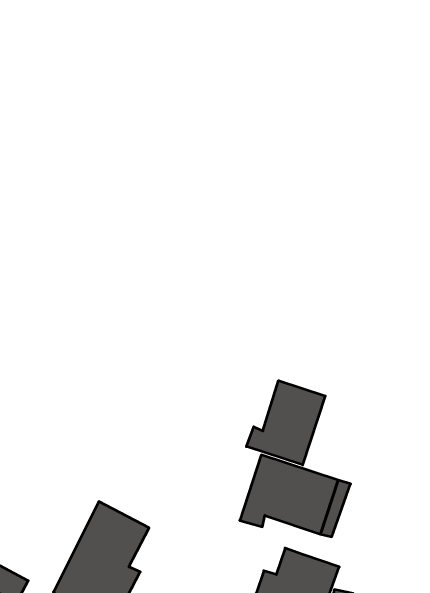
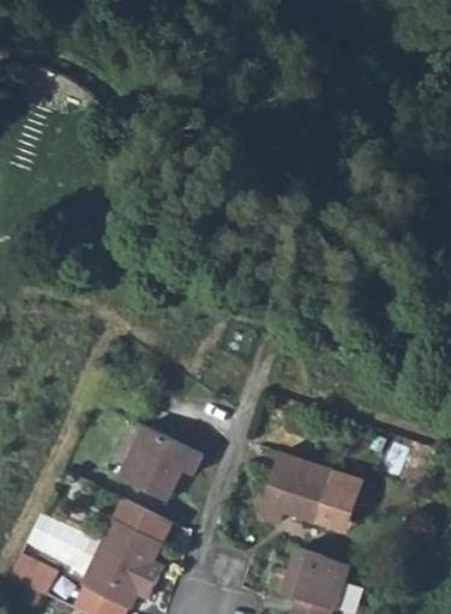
building: [246,381,325,465] -> none
building: none -> [118,425,184,501]

